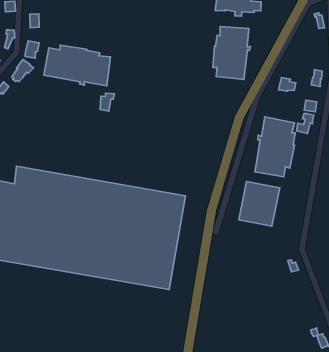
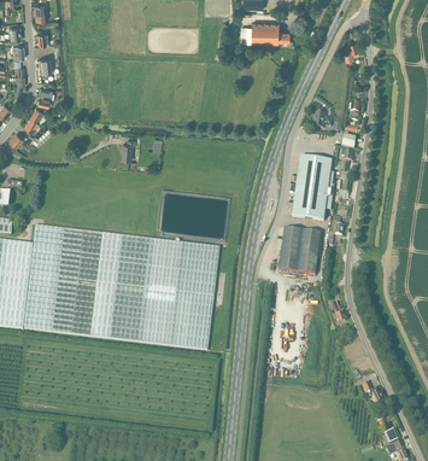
building: [213,26,250,79] -> none
building: [44,45,111,86] -> none

